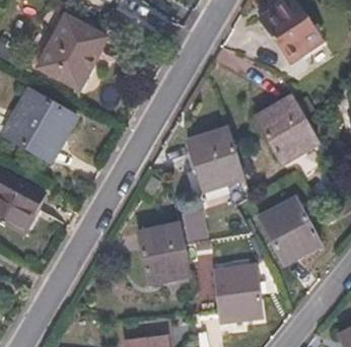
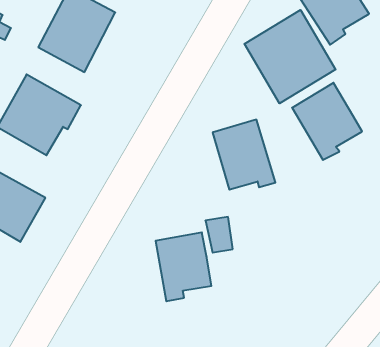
building: none -> [244,10,336,103]
building: [259,198,323,264] -> none
building: [215,266,262,319] -> none

